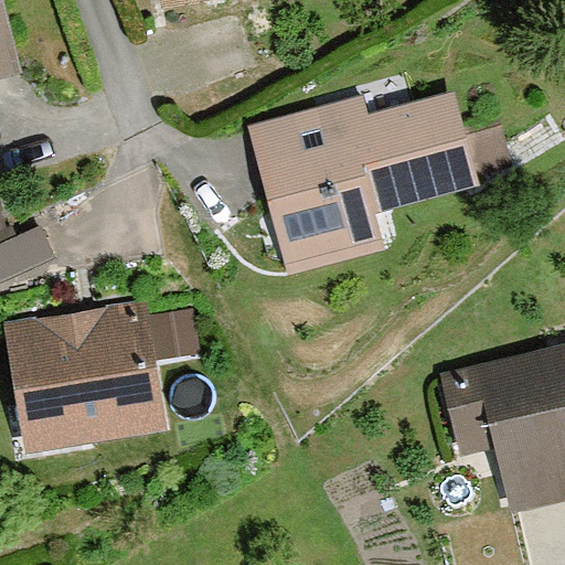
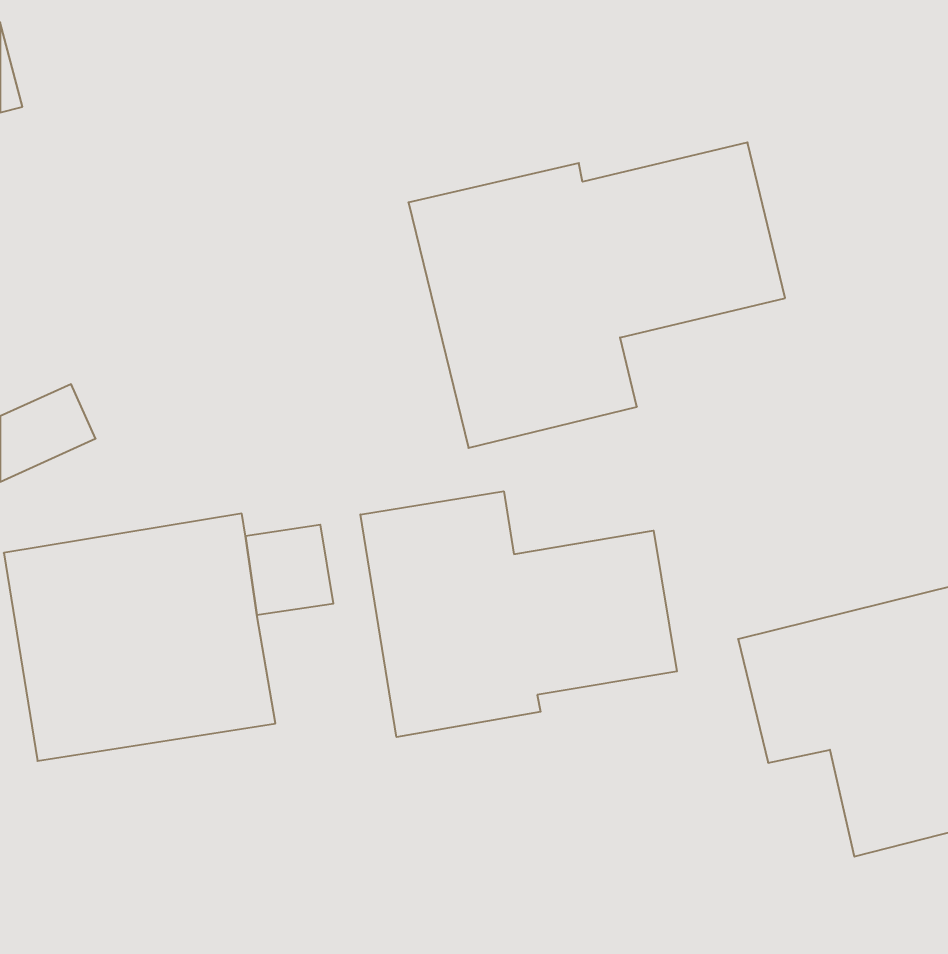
building: none -> [360,491,677,737]

